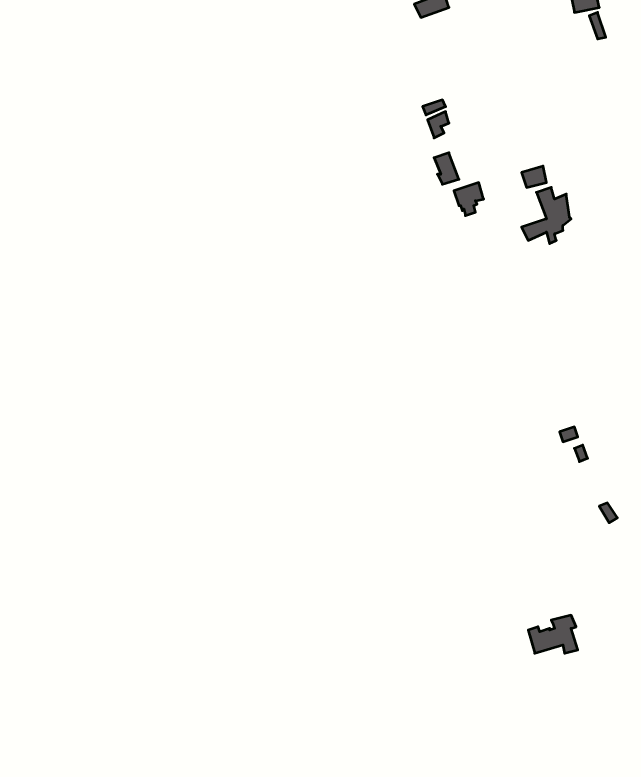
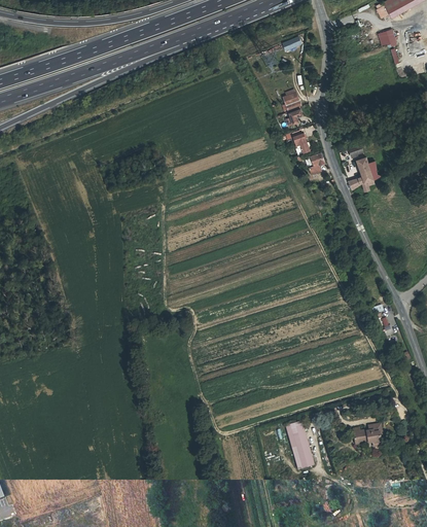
building: none -> [285,426,311,467]

